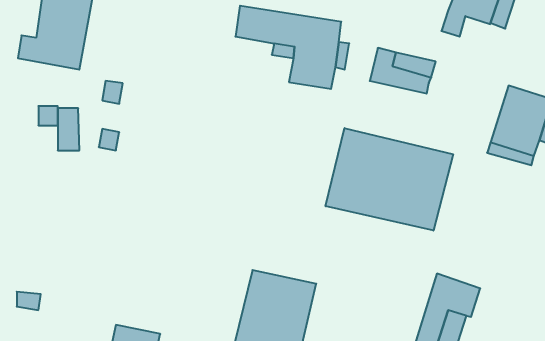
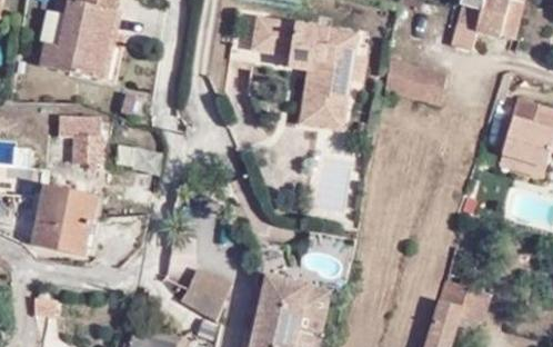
building: none -> [296,93,343,130]
building: [326,128,453,231] -> none
building: none -> [33,178,97,251]
building: none -> [178,269,228,319]

